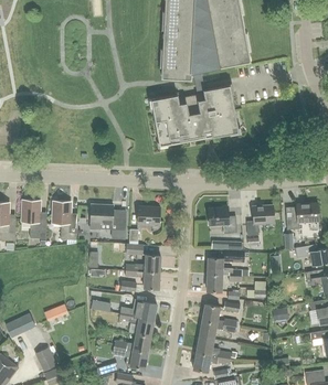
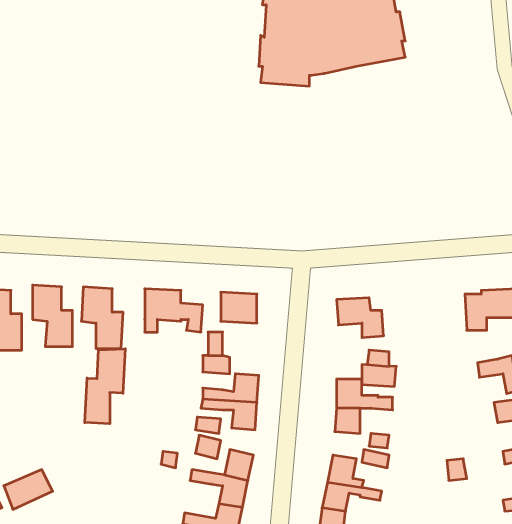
building: [152,86,237,145] -> none
building: [246,205,274,235] -> none
building: none -> [85,349,125,424]

